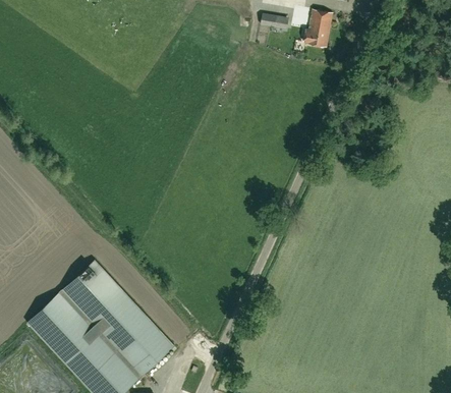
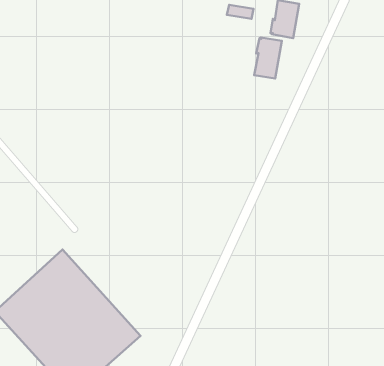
building: none -> [254,38,282,78]

